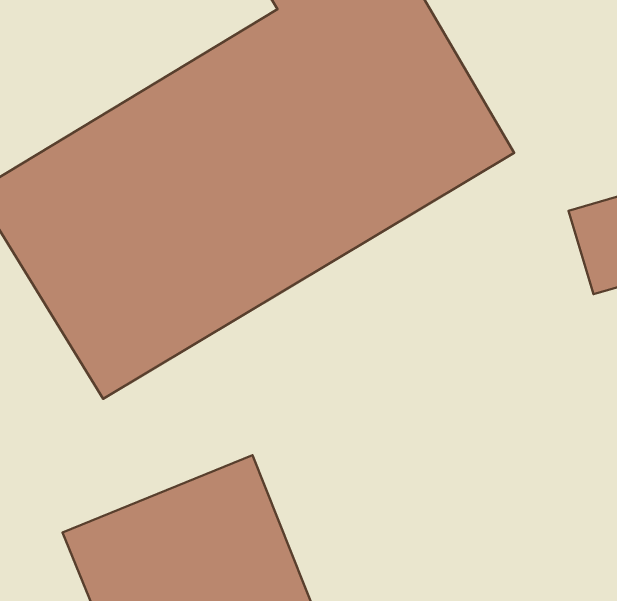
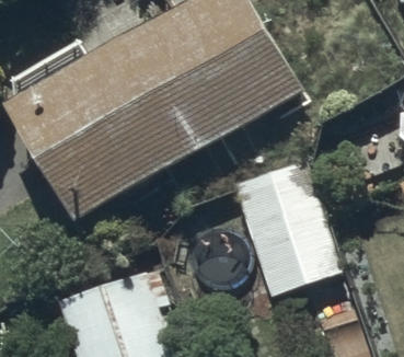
building: none -> [243,176,340,297]

